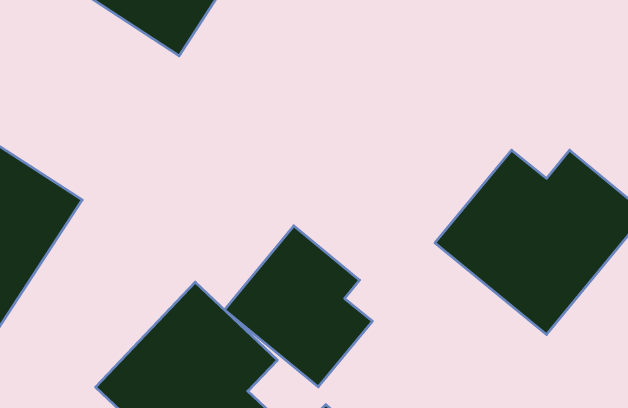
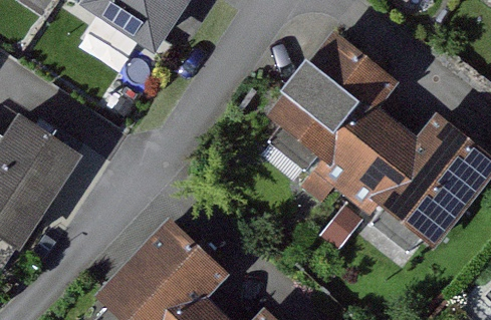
building: none -> [264,34,401,189]
building: [225,226,372,387] -> none

